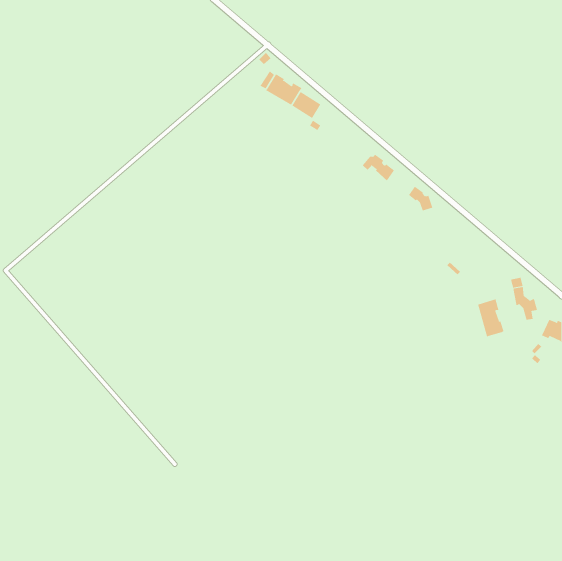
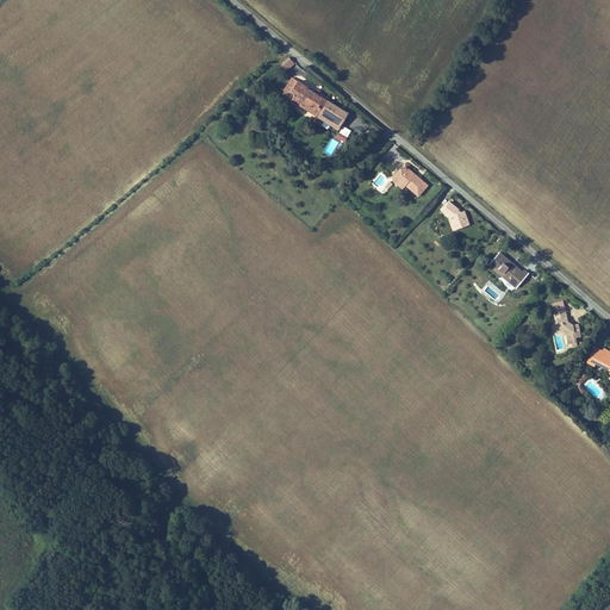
building: none -> [487,251,530,288]
building: [478,298,504,338] -> none

